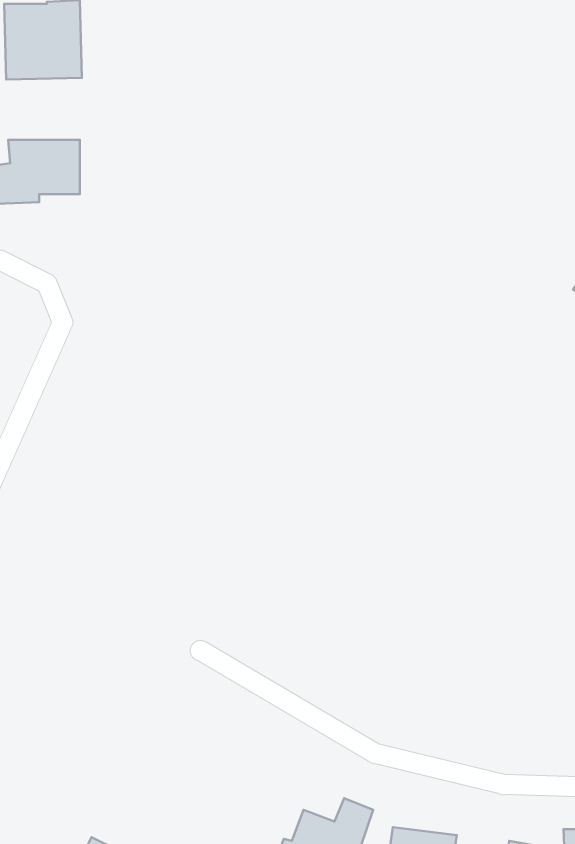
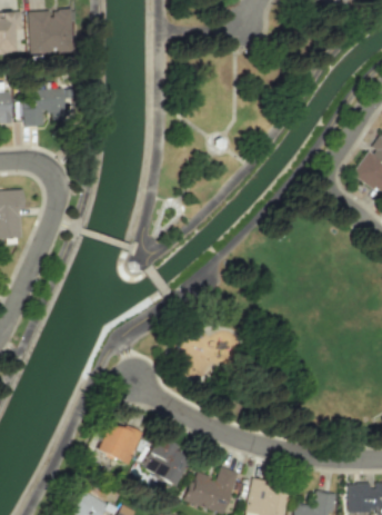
building: none -> [97,422,141,464]
building: none -> [142,440,190,486]

